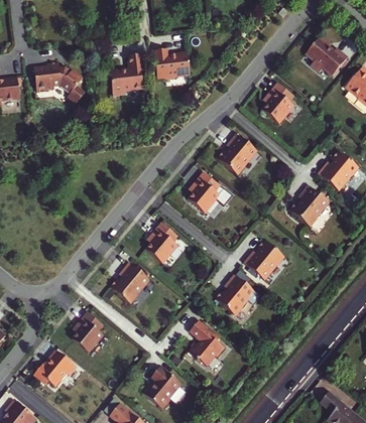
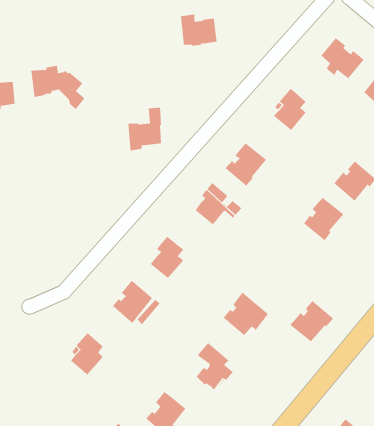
building: [155,48,191,79] -> [180,14,218,46]
building: [111,54,143,96] -> [128,107,162,151]
building: [243,240,284,279] -> [290,300,334,342]
building: [33,350,76,388] -> none

